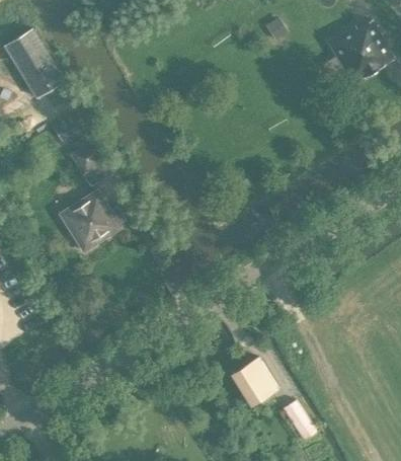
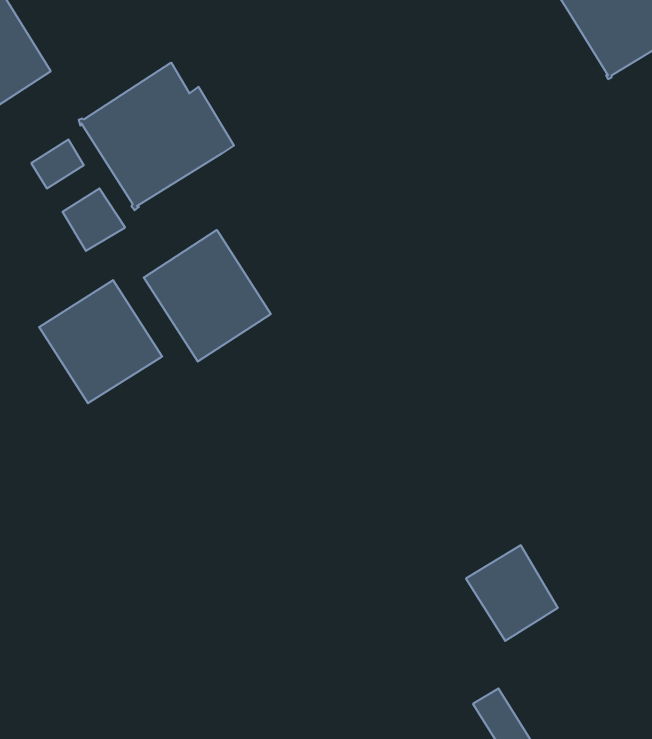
building: none -> [79,63,234,210]
building: none -> [144,230,271,362]
building: [231,357,278,406] -> [466,545,558,641]

